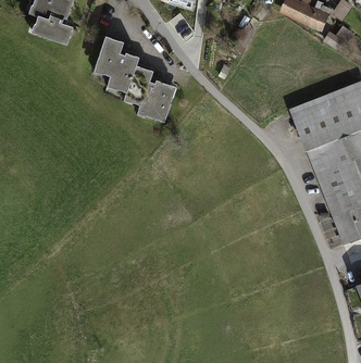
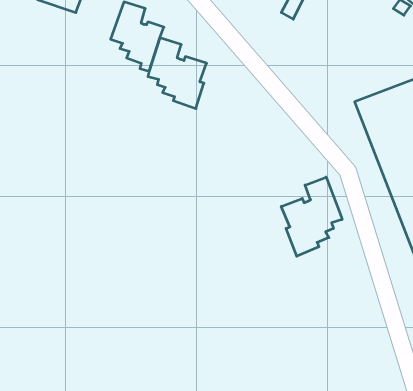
building: none -> [281,177,342,256]

